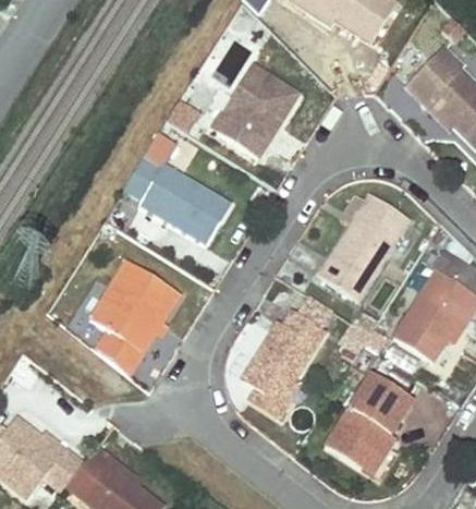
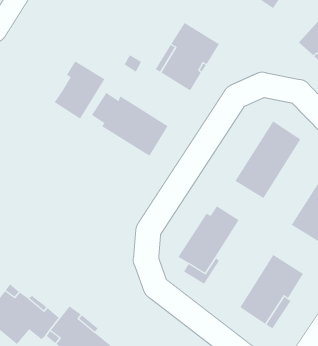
building: none -> [54,60,105,119]
building: [90,257,181,372] -> none

